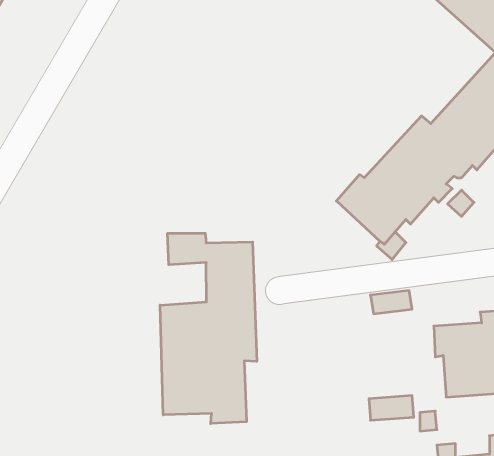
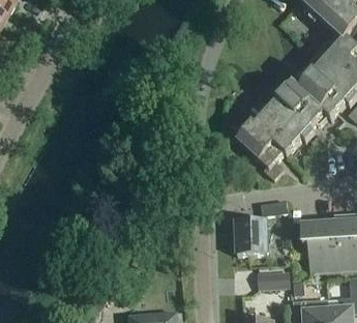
building: [160,233,257,424] -> none
building: none -> [235,217,266,254]

